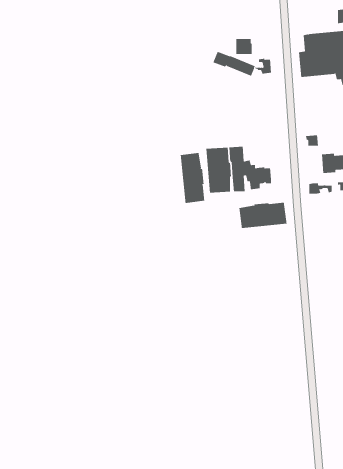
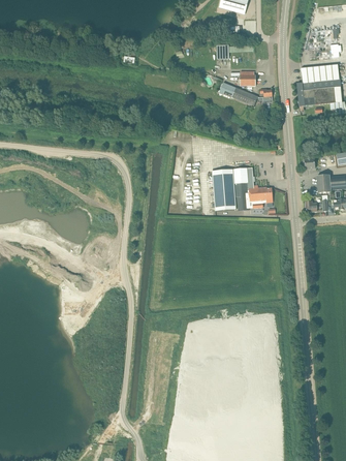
building: [180,152,205,204] -> none
building: [239,202,287,229] -> none

